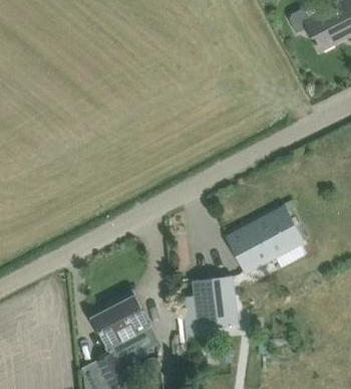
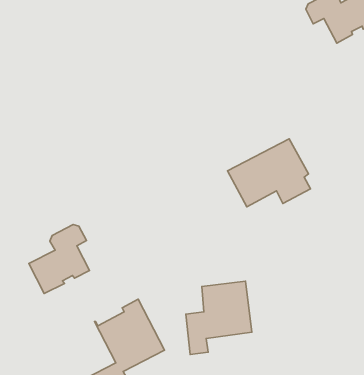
building: [227,207,305,271] -> [228,139,310,207]
building: none -> [29,225,90,294]

